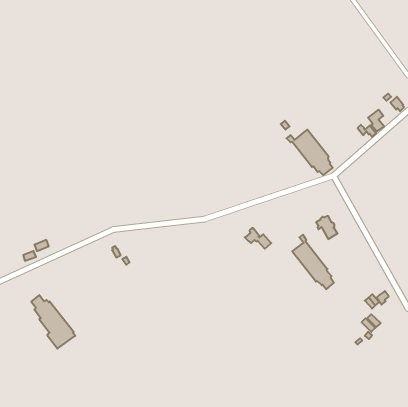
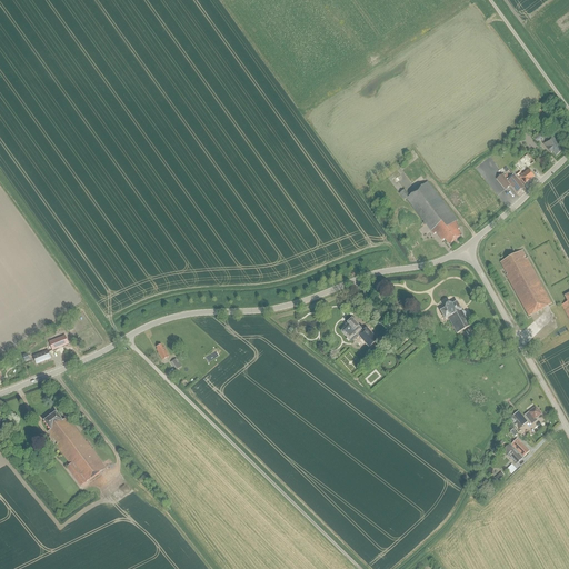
building: none -> [499,248,550,315]
building: [292,235,334,289] -> none

